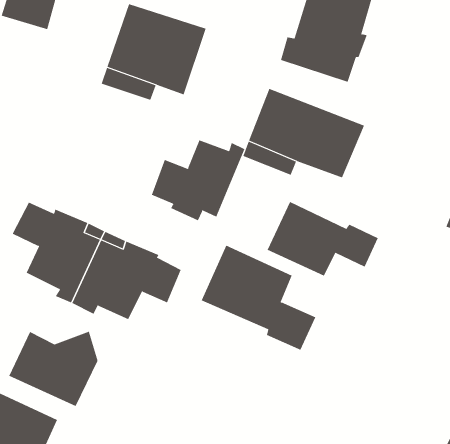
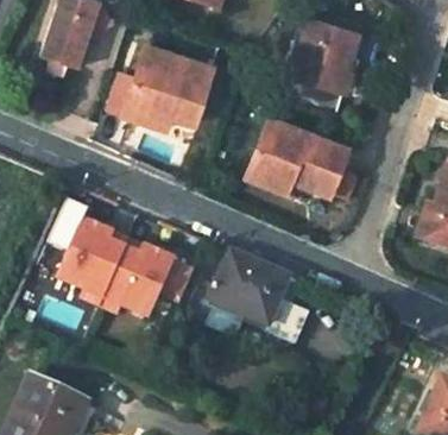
building: [151,140,245,221] -> none
building: [267,201,379,276] -> none
building: [8,331,98,407] -> none

